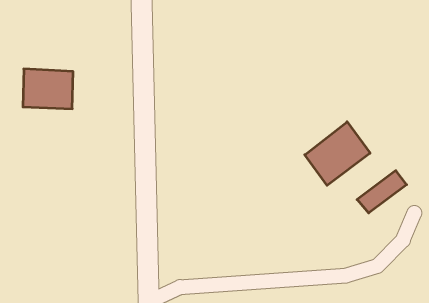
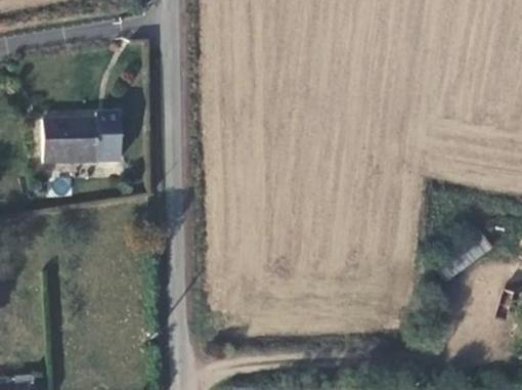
building: [305,122,370,185] -> none

